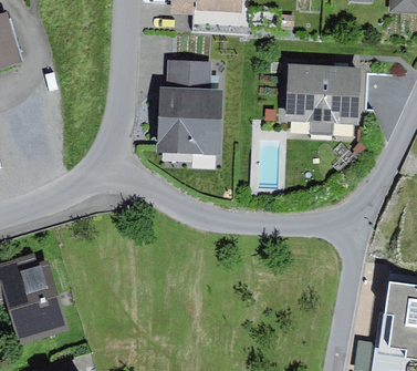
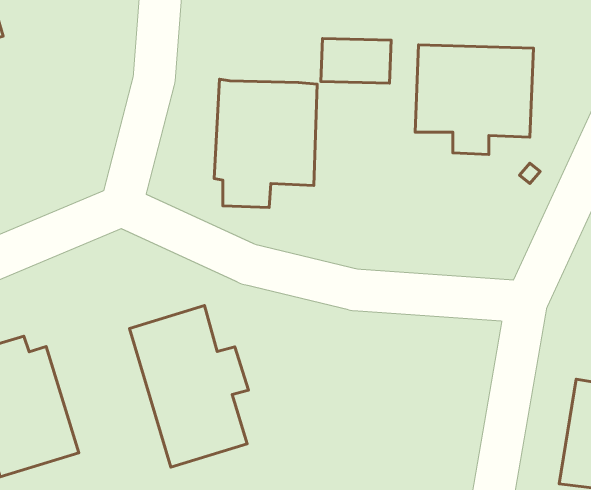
building: [166,61,211,90] -> [321,38,391,83]
building: none -> [129,306,248,467]

